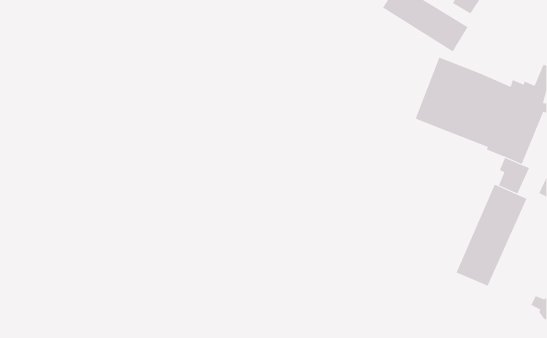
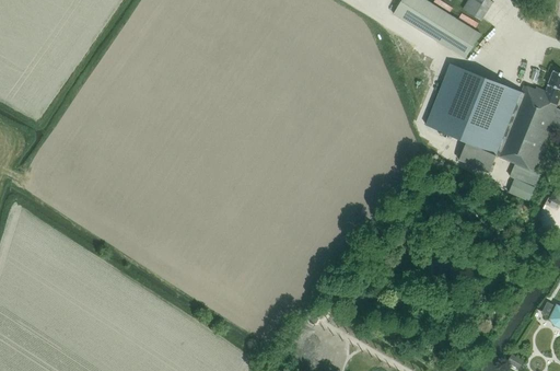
building: [456,184,527,287] -> none

